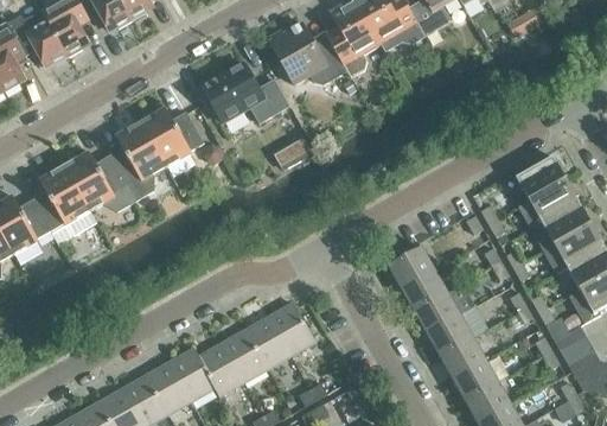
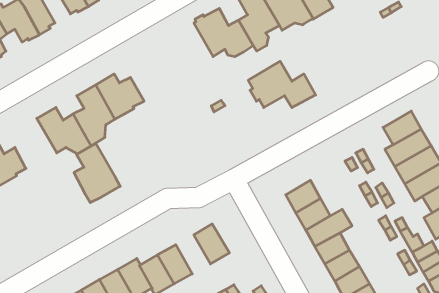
building: [202,62,289,122] -> [248,61,316,108]
building: [36,165,96,242] -> [74,144,120,203]
building: [245,317,290,368] -> none

